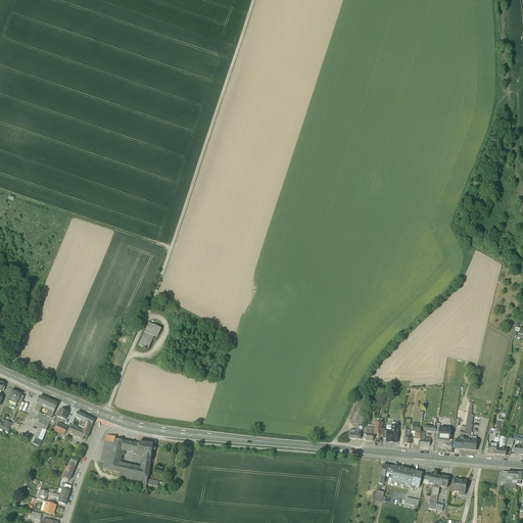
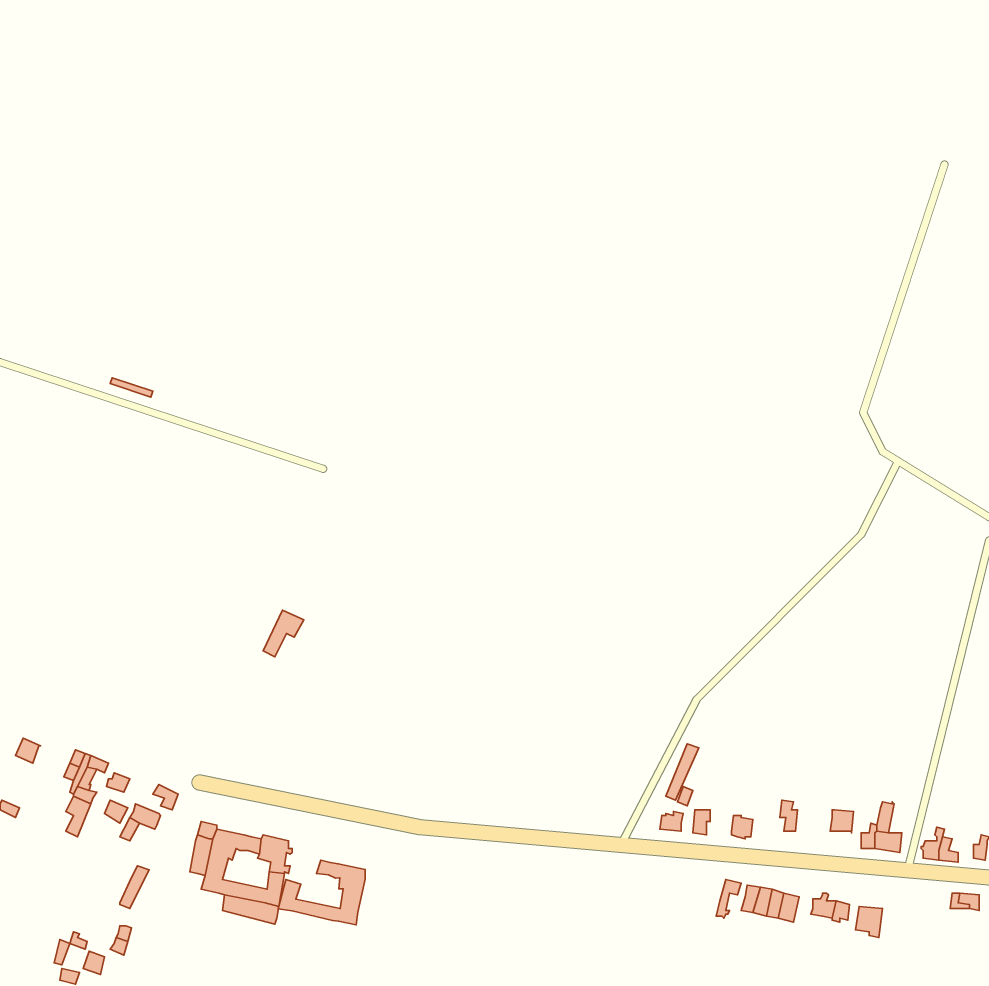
building: none -> [278,860,365,925]

